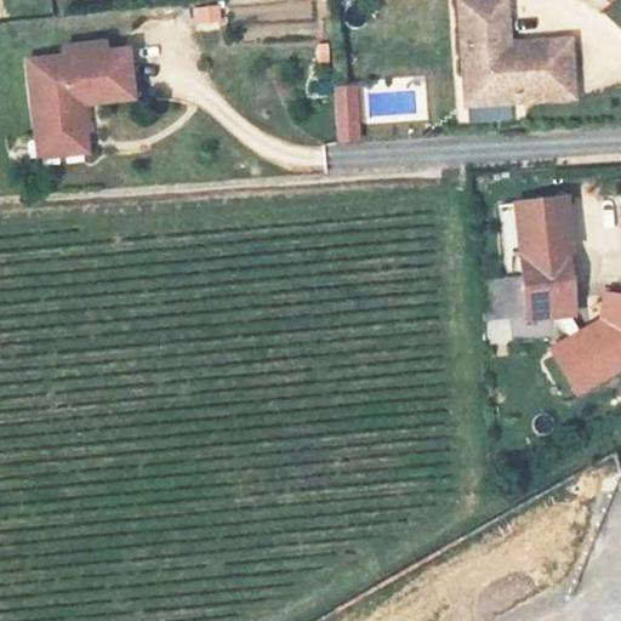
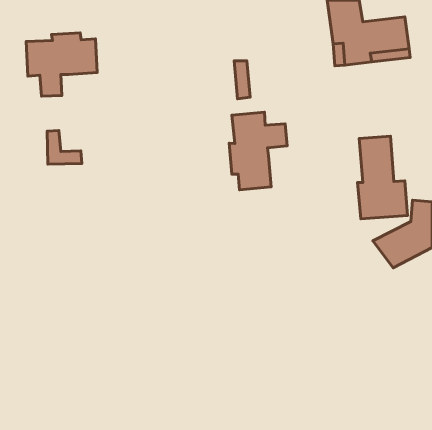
building: [40,110,90,159] -> [47,130,82,164]
building: none -> [229,112,287,190]

